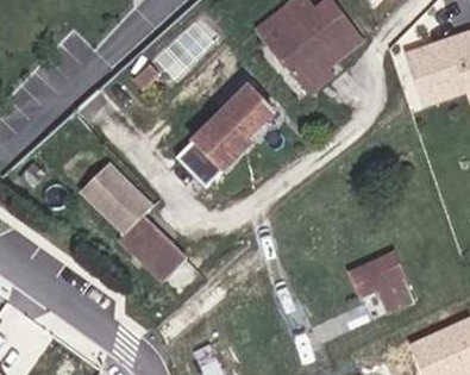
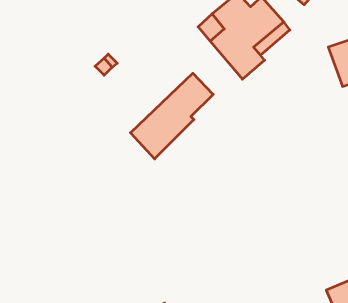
building: [84,165,187,281] -> none
building: [351,255,402,296] -> none

